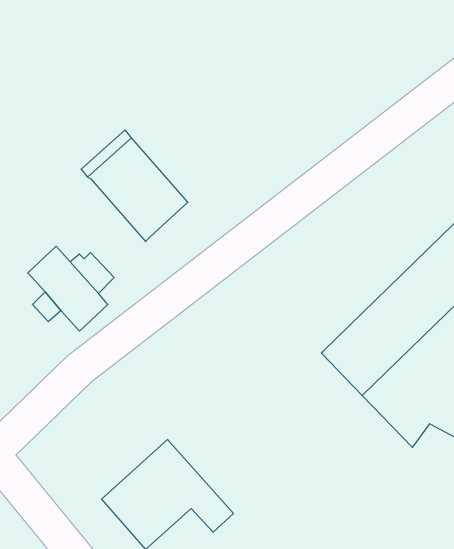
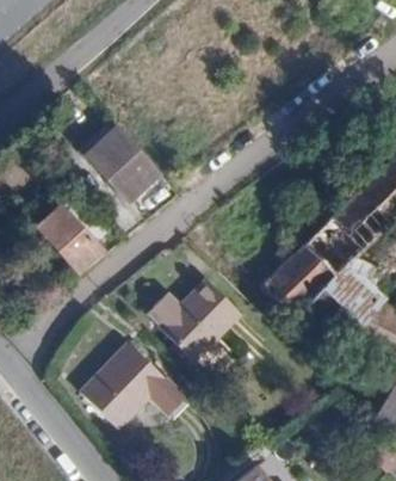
building: none -> [159,285,252,368]

